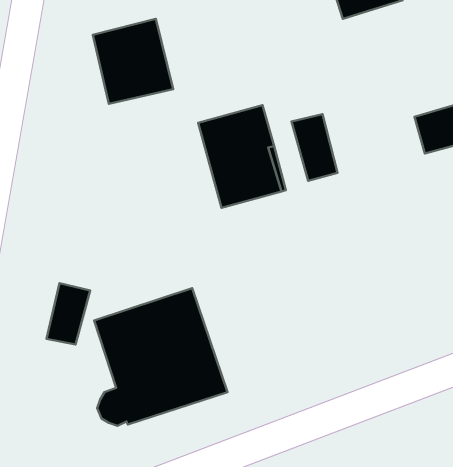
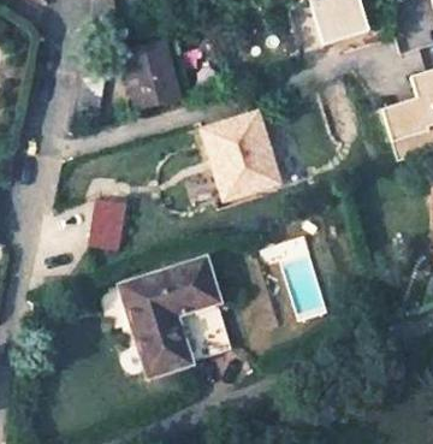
building: [291,114,337,181] -> none
building: [46,283,90,345] -> [89,200,125,250]

